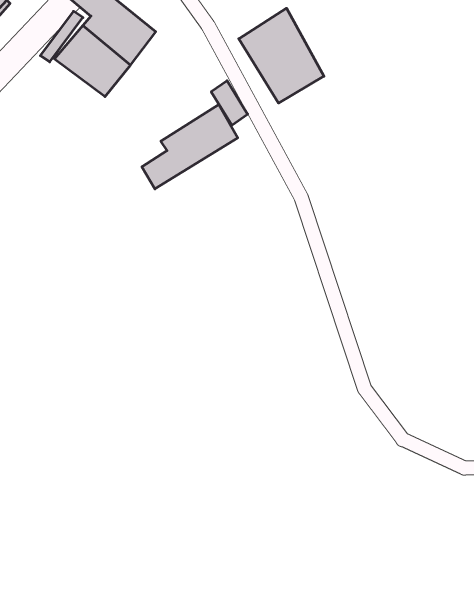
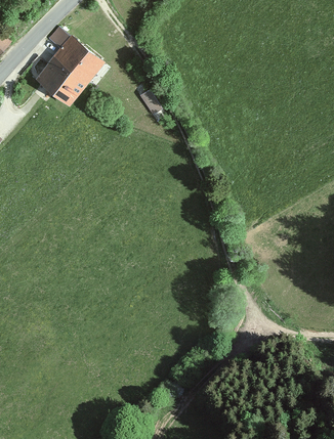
building: [239,8,324,103] -> none
building: [142,104,238,189] -> none

